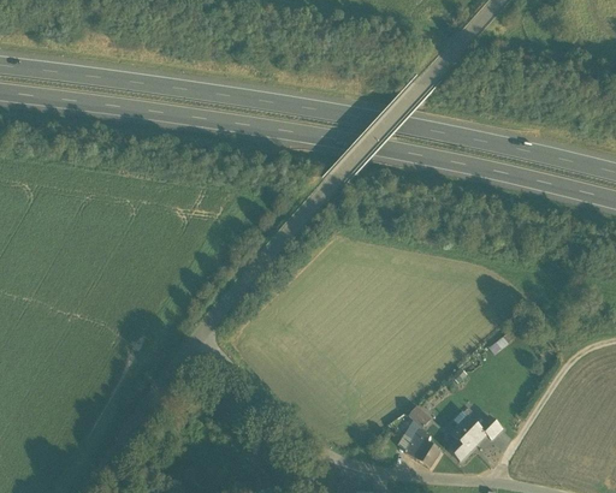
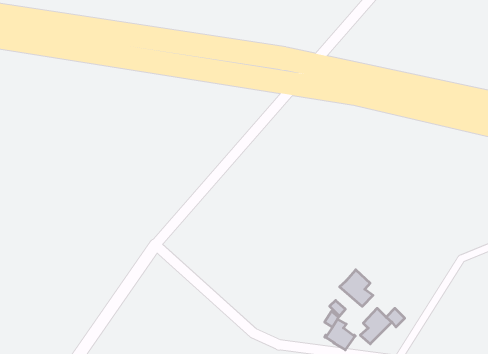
building: none -> [340,270,373,306]

